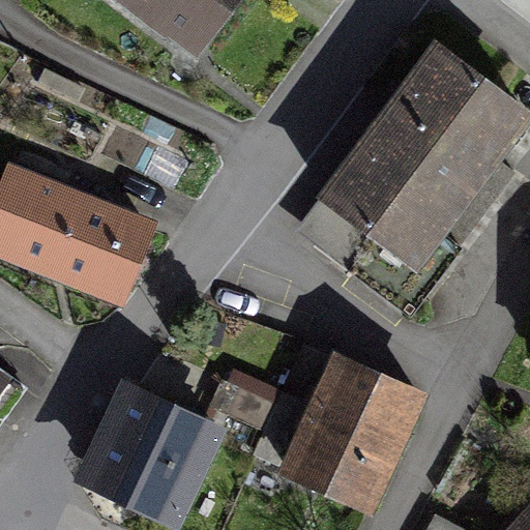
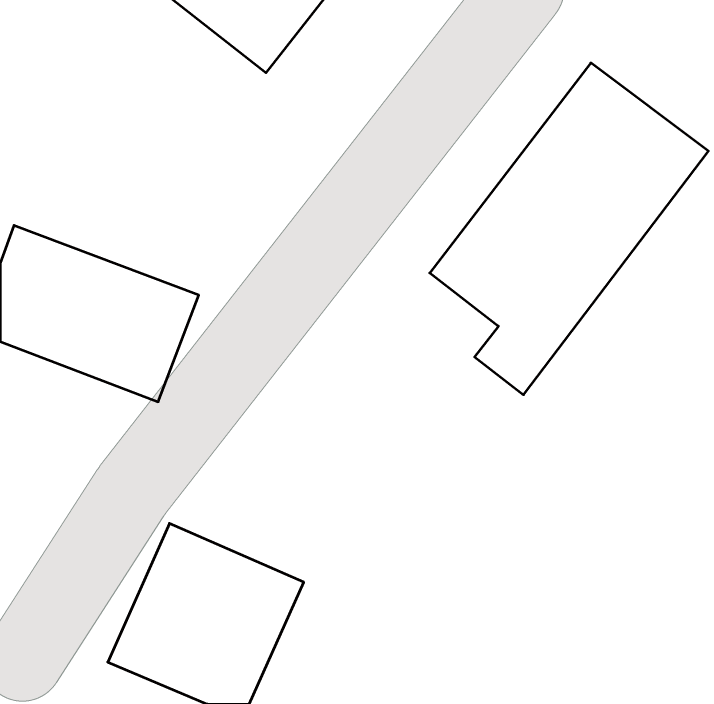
building: [283,351,428,501] -> none

